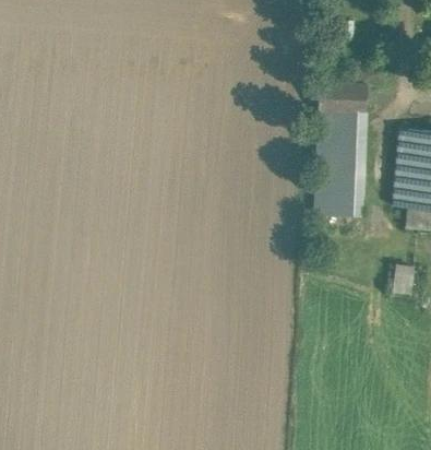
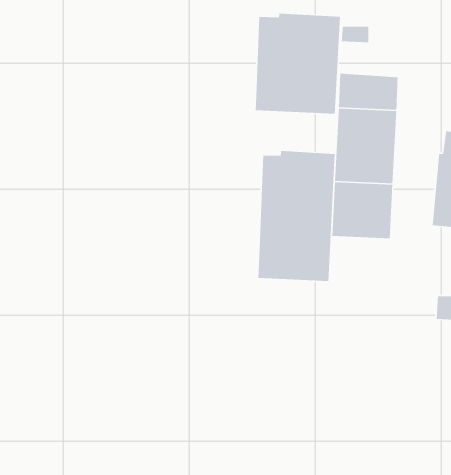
building: none -> [255,13,341,115]
building: none -> [258,150,336,282]

